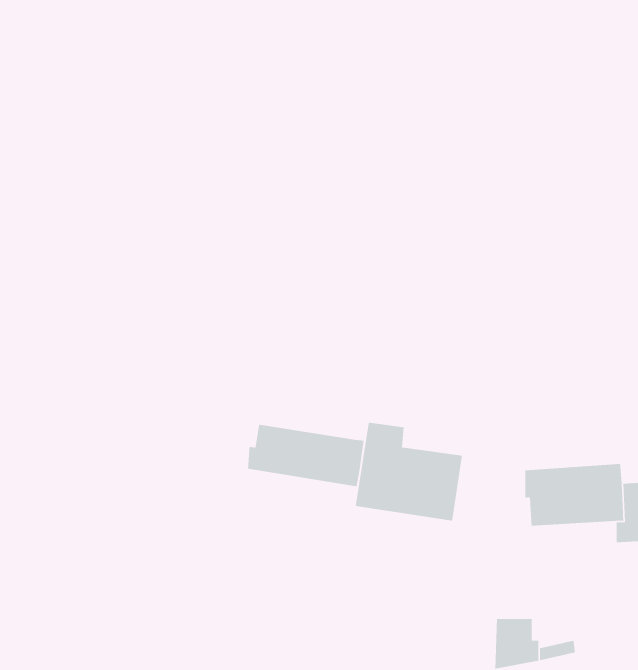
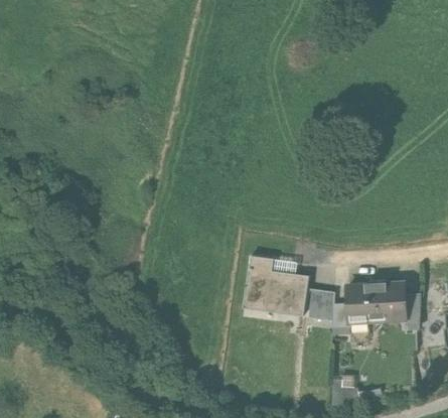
building: [247,424,365,487] -> none
building: none -> [308,289,350,334]

